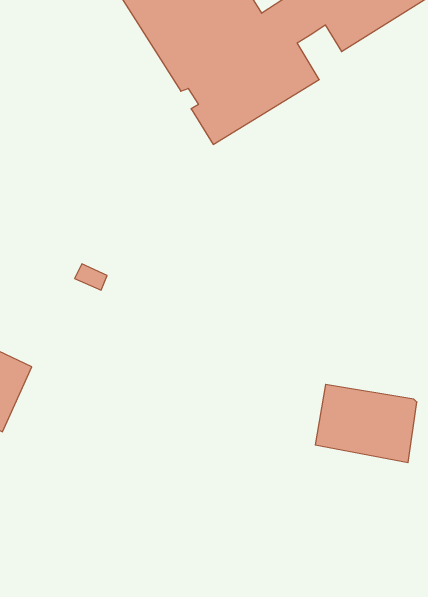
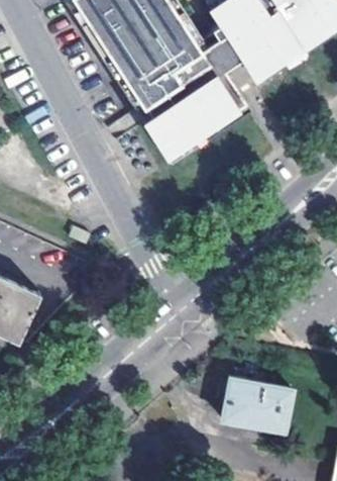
building: none -> [142,101,241,158]
building: [315,384,417,463] -> [225,379,295,432]

